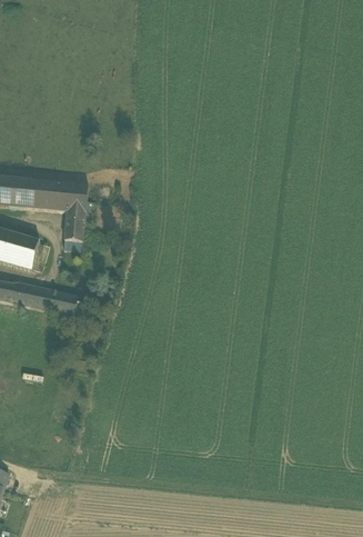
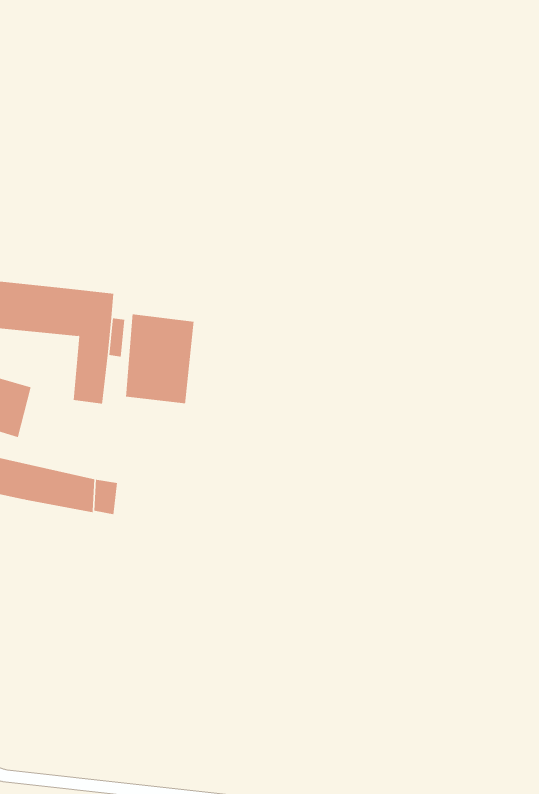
building: none -> [126,314,194,404]

